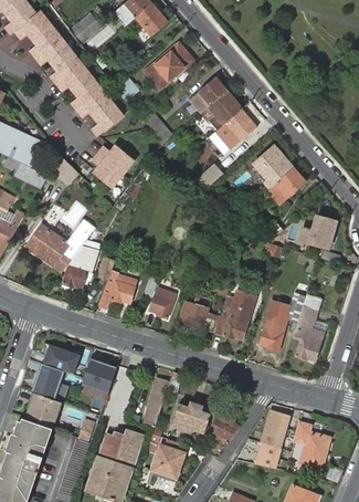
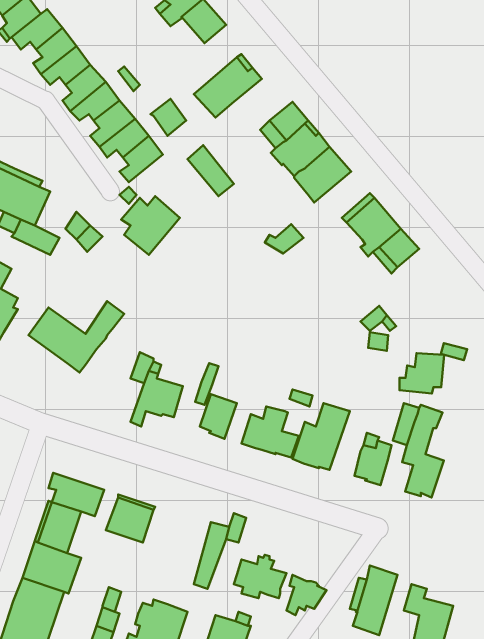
building: [70,13,101,44] -> none
building: [304,216,336,244] -> [399,353,444,393]
building: [62,244,98,289] -> none

